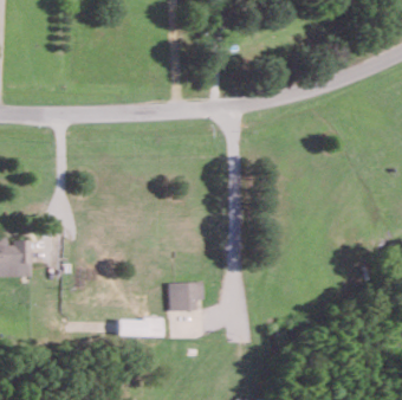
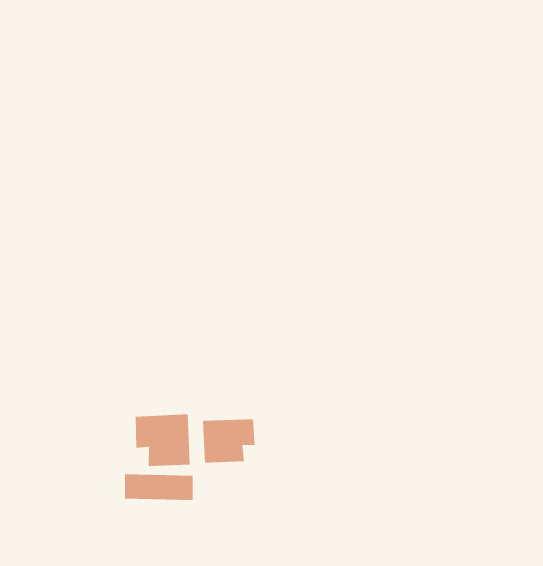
building: none -> [135,414,190,467]

